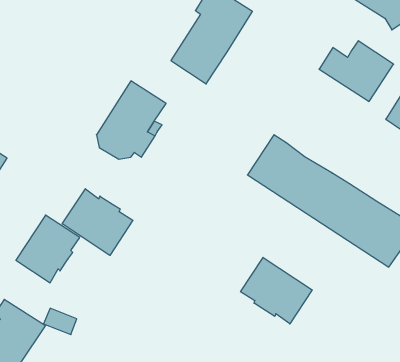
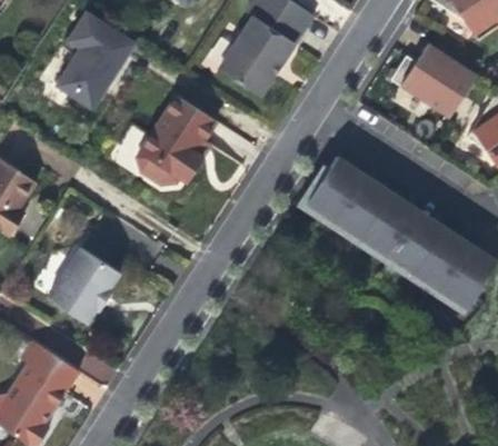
building: none -> [58,10,135,106]
building: [62,189,133,255] -> none
building: [241,257,312,324] -> none

